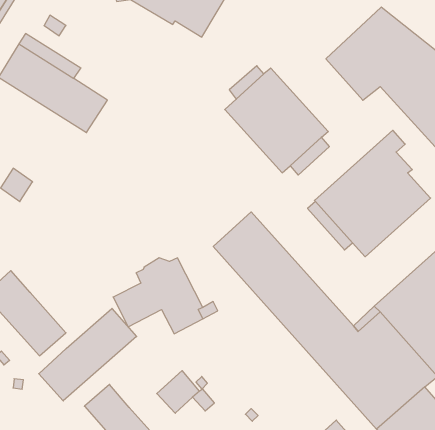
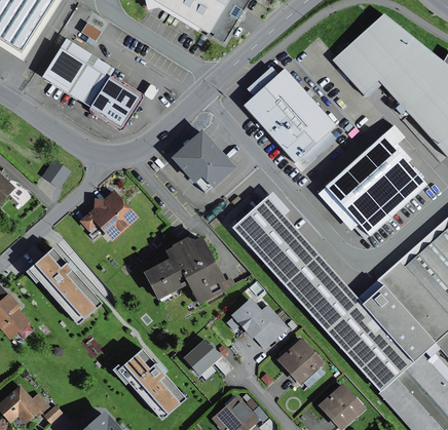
building: none -> [172,130,234,194]
building: none -> [80,189,140,241]
building: [39,308,137,401] -> none
building: none -> [231,298,290,348]
building: none -> [277,338,324,383]

